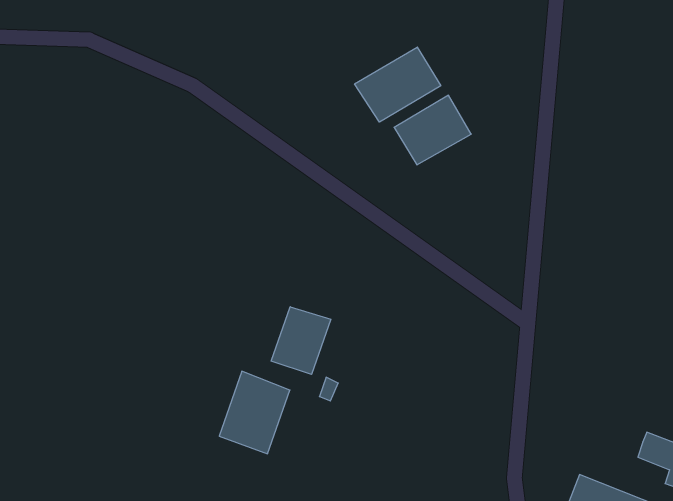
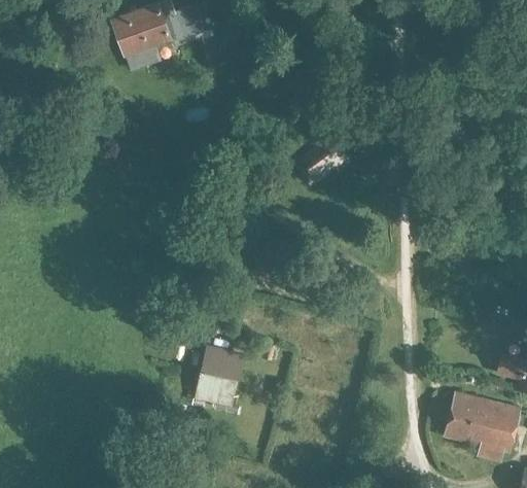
building: [355,47,441,122] -> none
building: [271,307,331,374] -> none

